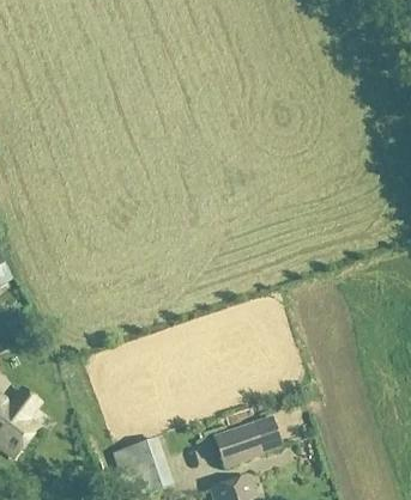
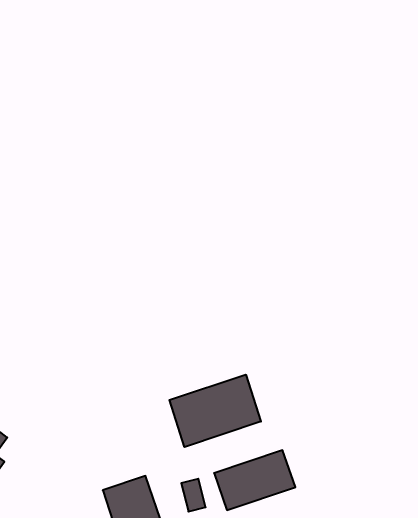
building: none -> [169,375,261,447]

